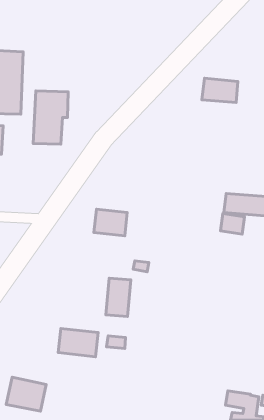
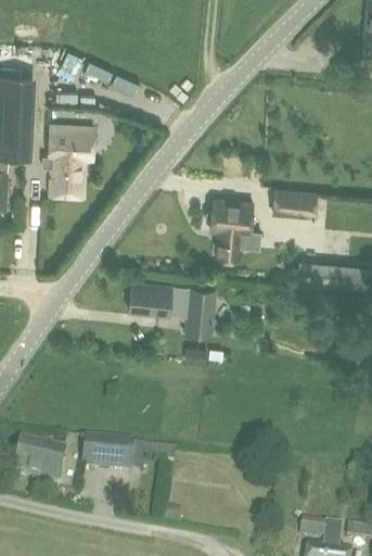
building: [202,78,238,102] -> [270,187,317,218]
building: none -> [209,198,260,258]
building: [106,278,131,316] -> [183,286,216,336]
building: [6,377,46,411] -> [12,439,64,483]

